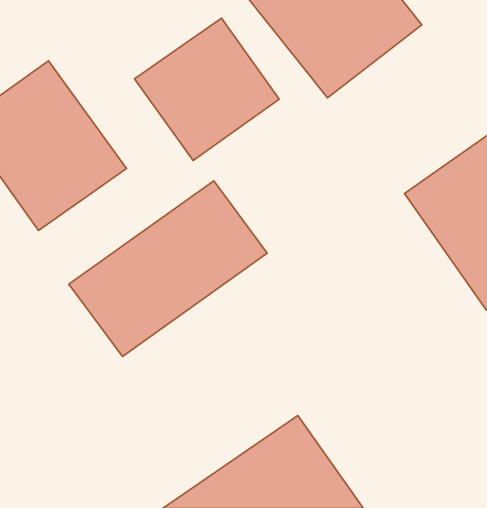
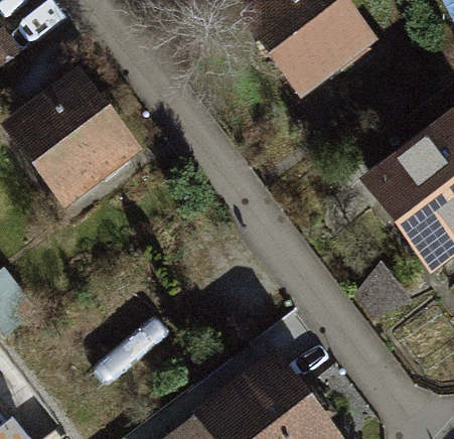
building: [135,18,279,161] -> none
building: [69,181,267,356] -> none

